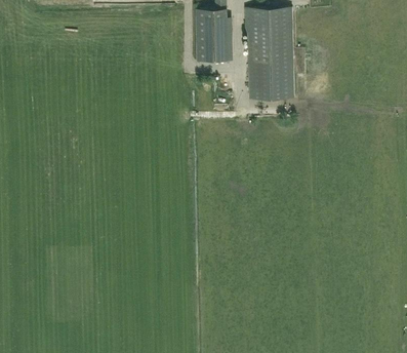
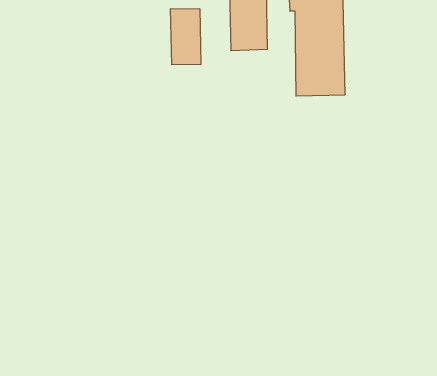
building: none -> [171,9,201,65]

